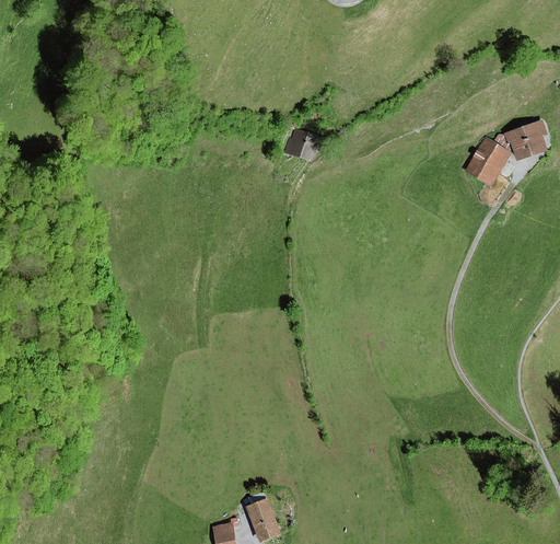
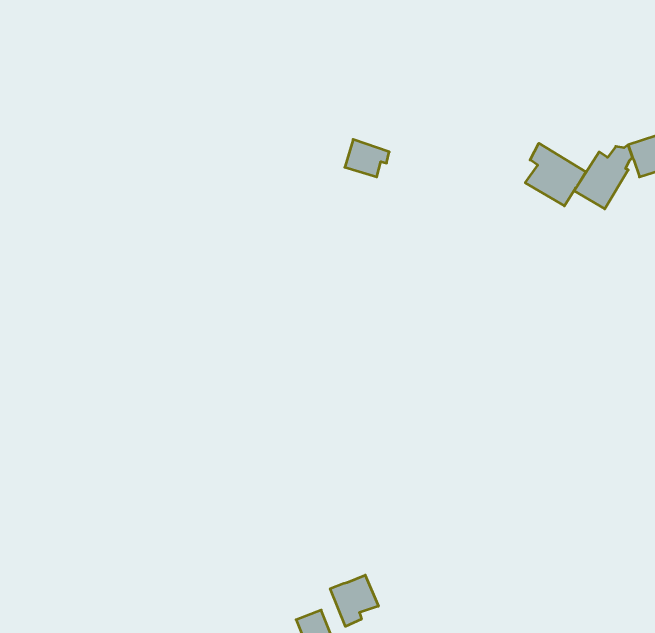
building: none -> [525,143,586,206]
building: none -> [330,575,378,626]

